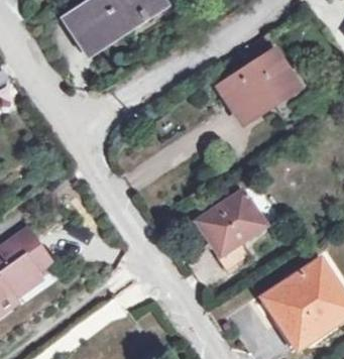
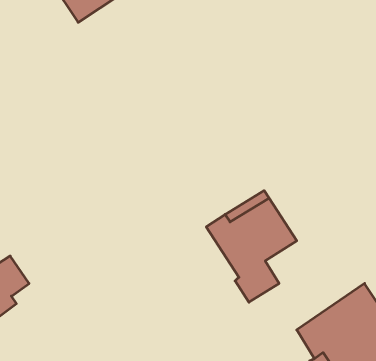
building: [218,49,294,124] -> none

